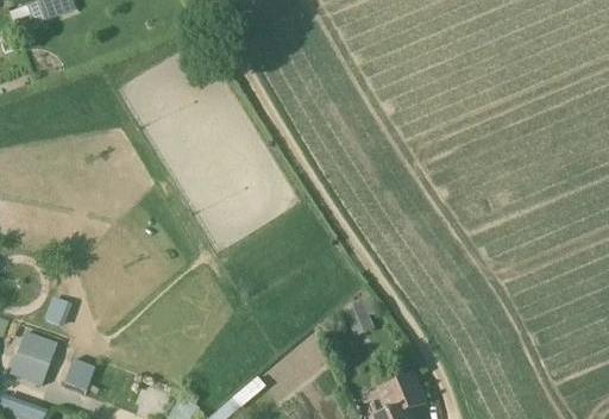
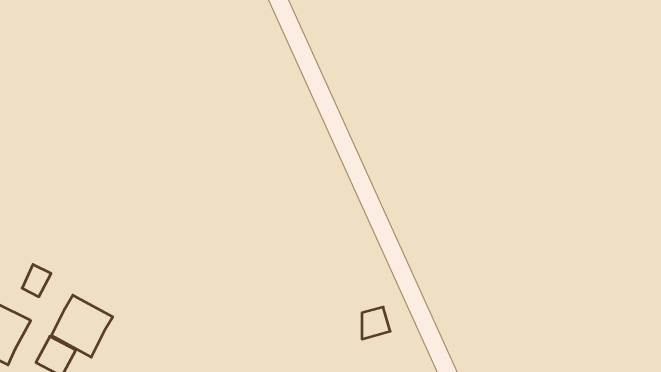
building: none -> [51,295,113,357]

